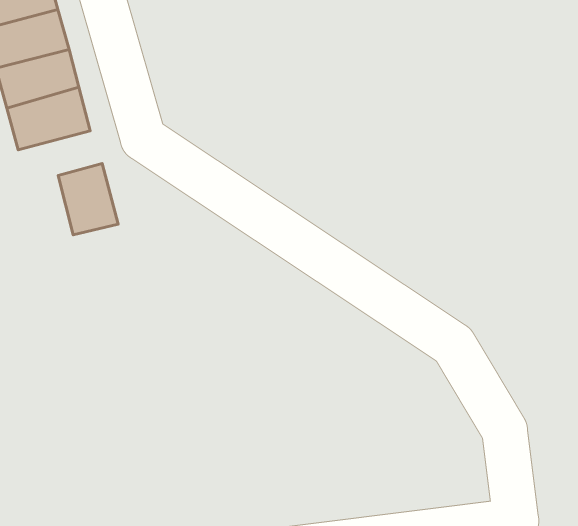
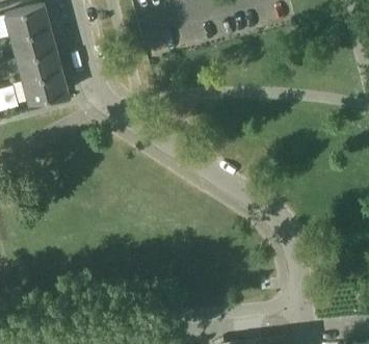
building: [58,163,118,235] -> none

